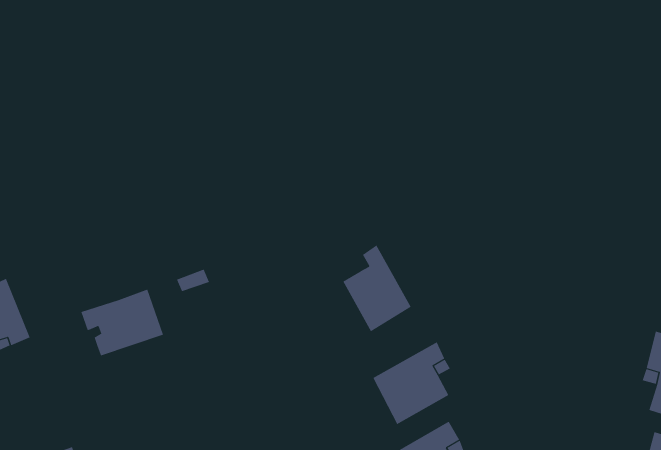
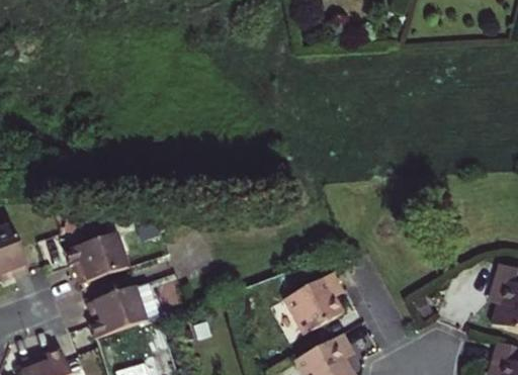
building: [342,245,412,332] -> none
building: none -> [87,286,147,338]

